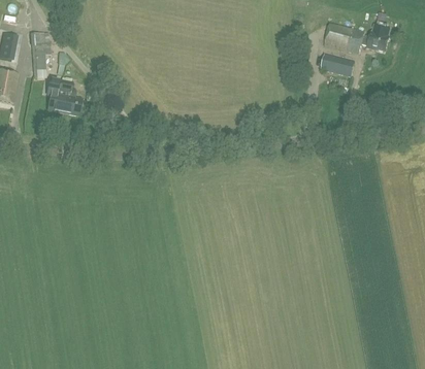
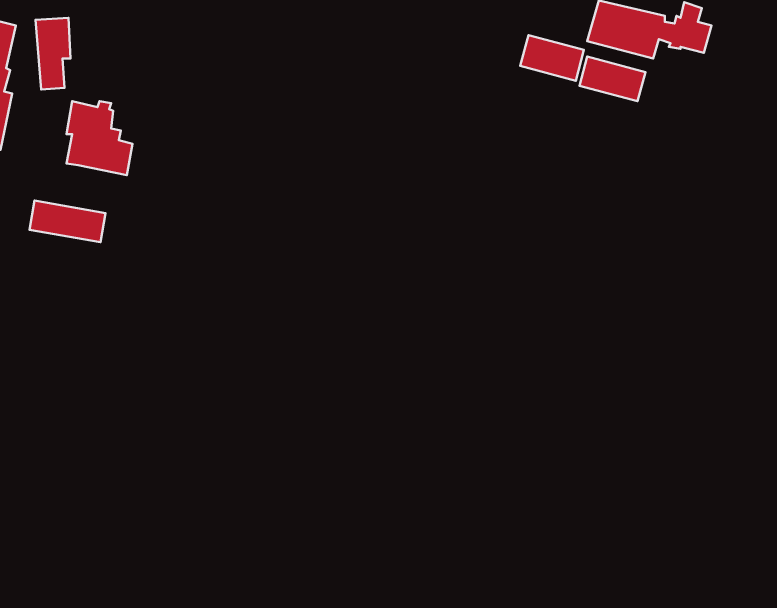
building: none -> [520,35,584,81]
building: none -> [29,201,106,242]

